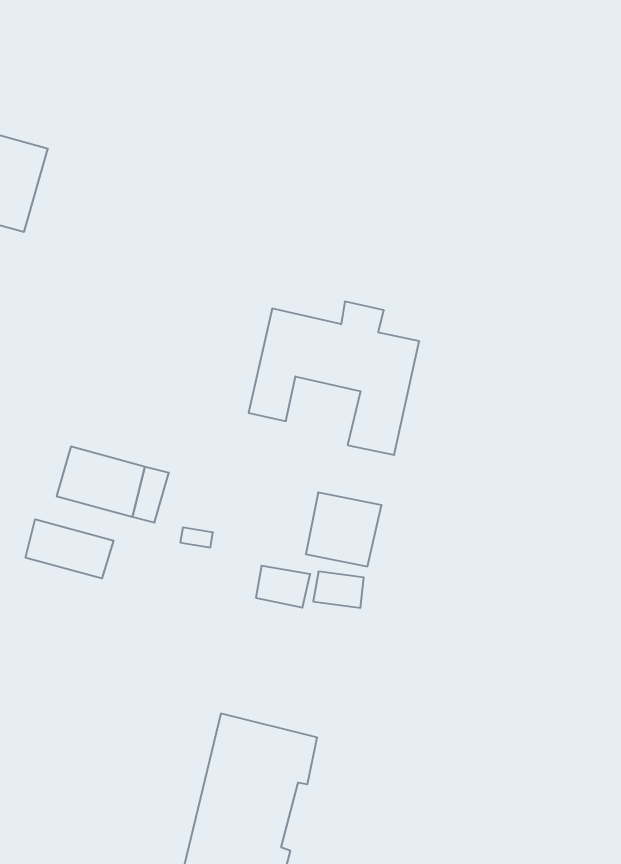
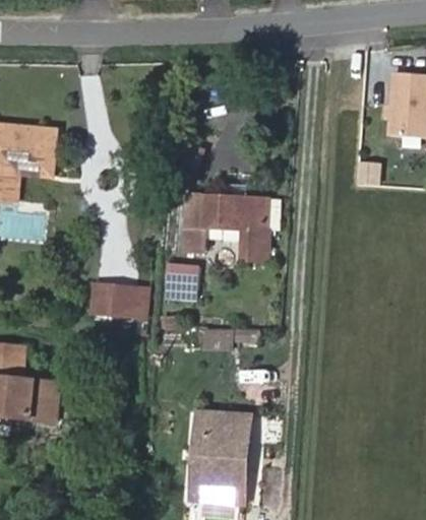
building: [306,492,382,566] -> [164,265,199,300]
building: [26,519,114,578] -> none

